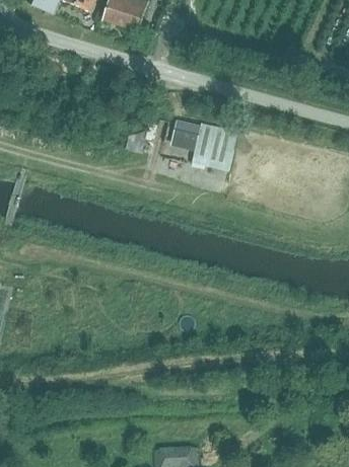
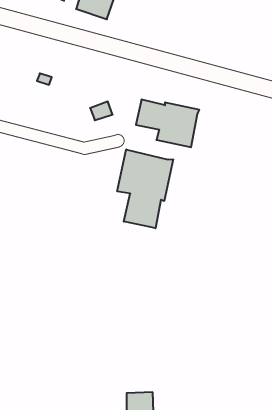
building: none -> [117,149,173,228]

